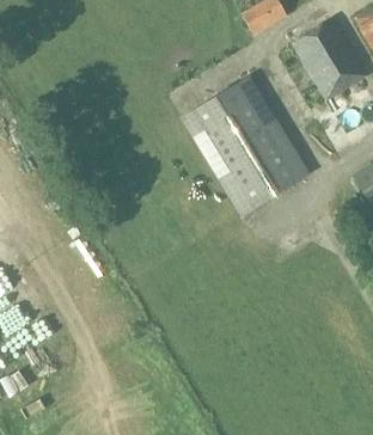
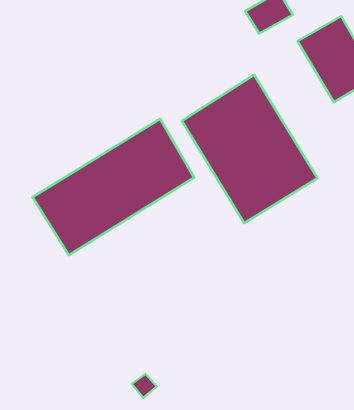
building: none -> [33,119,194,255]

